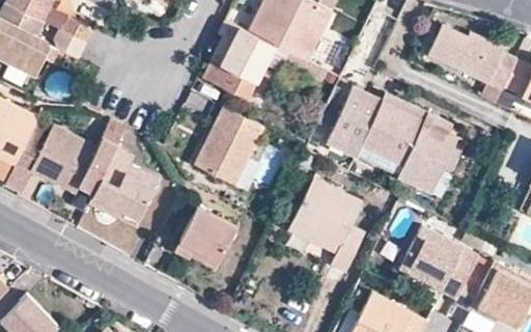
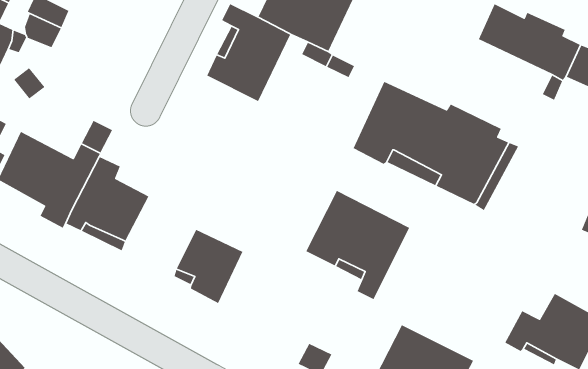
building: [195,108,263,186] -> none
building: [398,226,477,297] -> none

